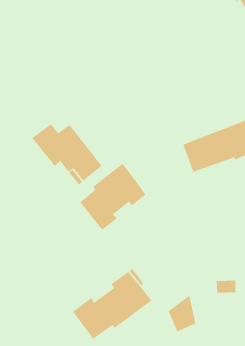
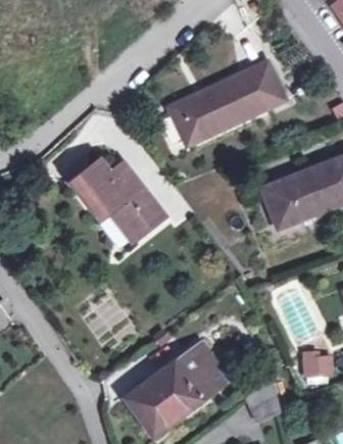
building: none -> [171,62,285,143]
building: [80,163,146,231] -> none

